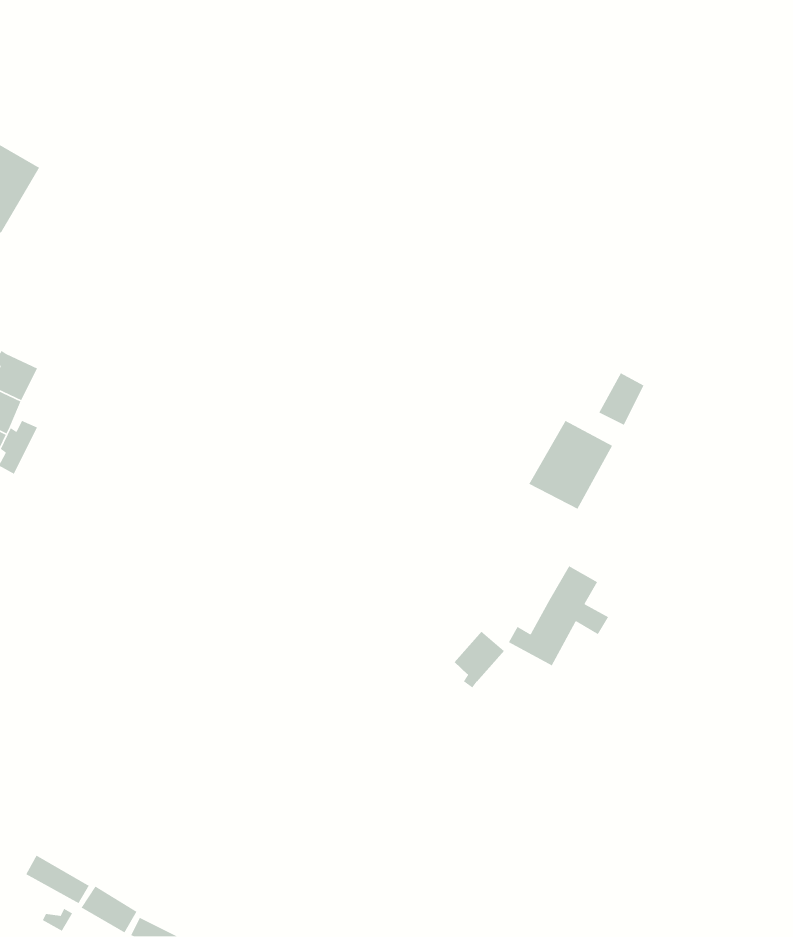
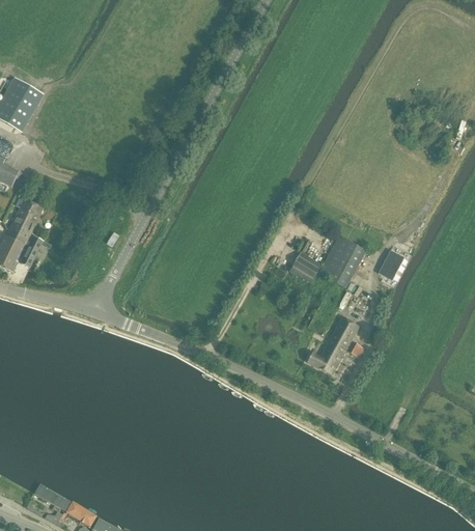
building: [598,372,644,426] -> [376,250,402,280]
building: none -> [289,253,320,284]
building: [454,631,505,689] -> none

